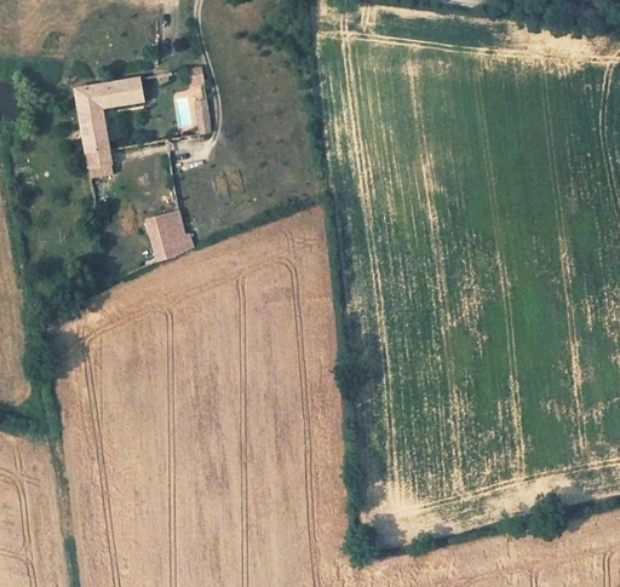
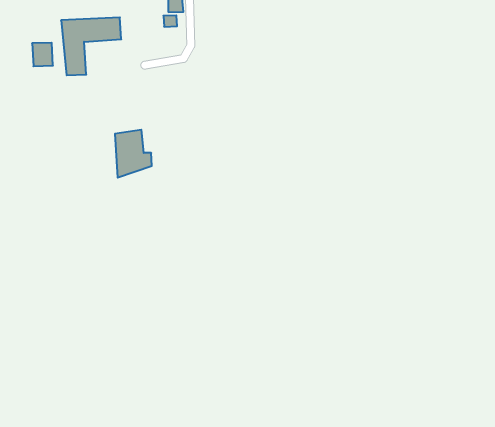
building: [86,148,113,177] -> [32,43,53,66]

